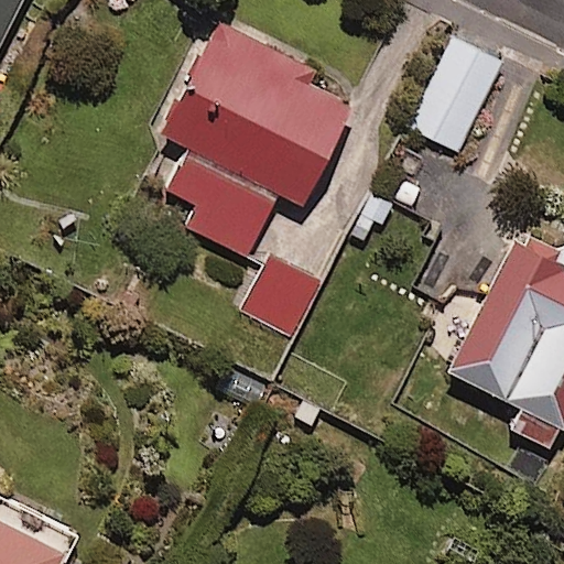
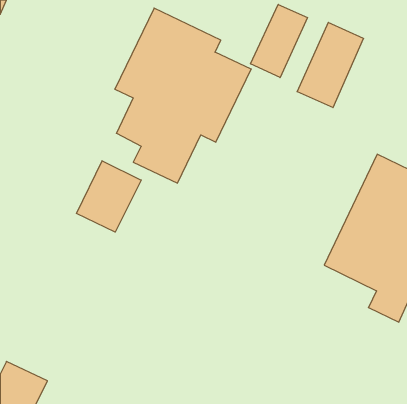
building: none -> [251,4,307,78]
building: none -> [77,161,141,232]

